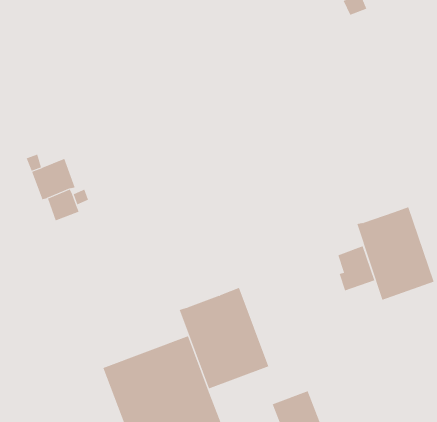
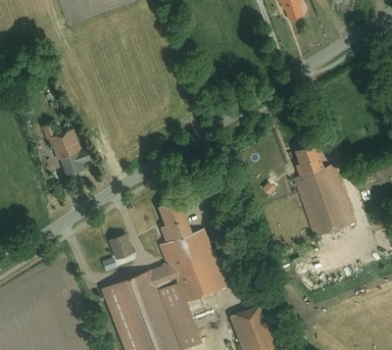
building: [338,246,375,291] -> [295,144,324,179]
building: none -> [157,199,191,243]
building: none -> [108,233,134,260]

